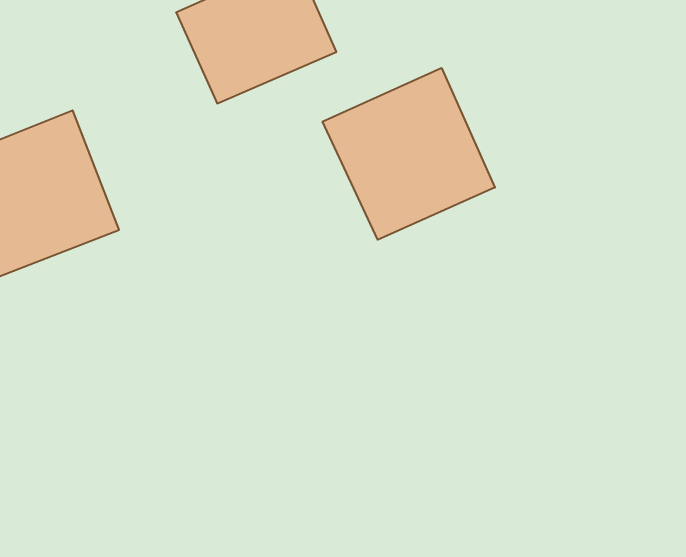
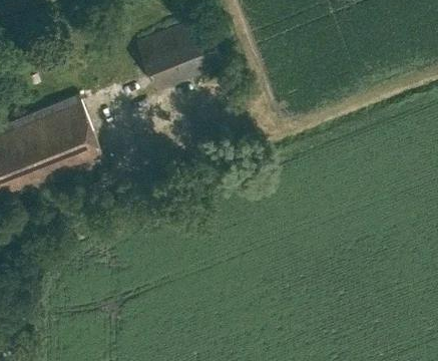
building: [323,68,495,240] -> none

